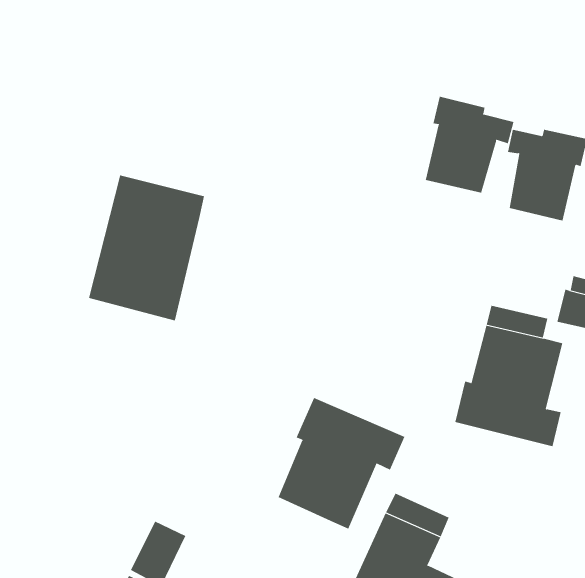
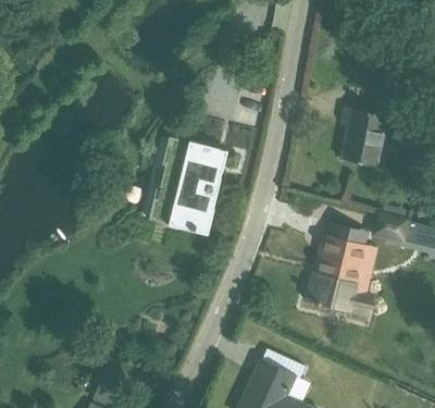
building: [425,96,514,193] -> none
building: [88,175,205,321] -> [148,139,225,236]
building: [278,397,405,529] -> none

